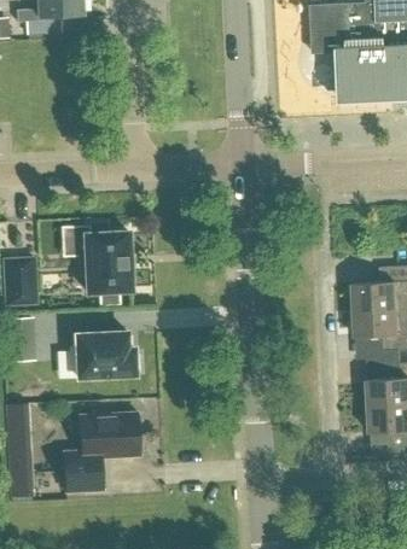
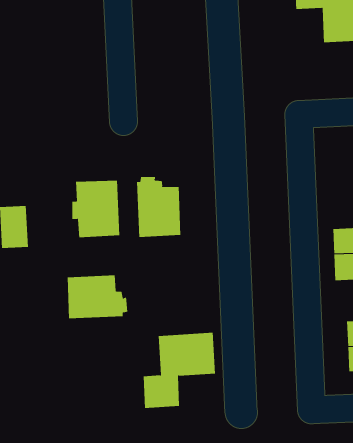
building: none -> [136,176,181,238]
building: [63,413,139,492] -> [143,332,216,408]

